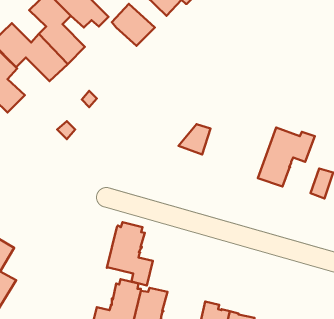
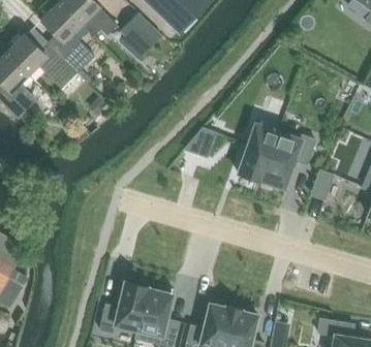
building: none -> [237,123,278,181]
building: [107,222,153,285] -> none

